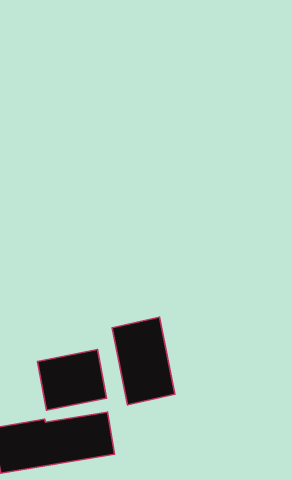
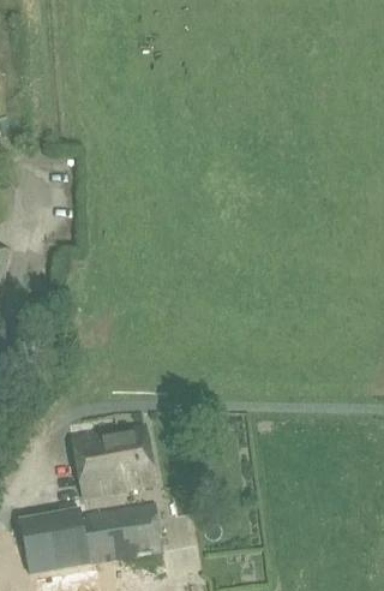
building: [112,317,175,405] -> none

